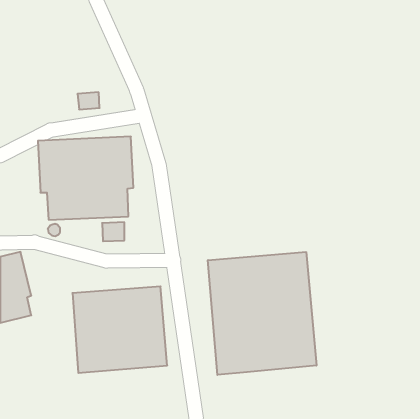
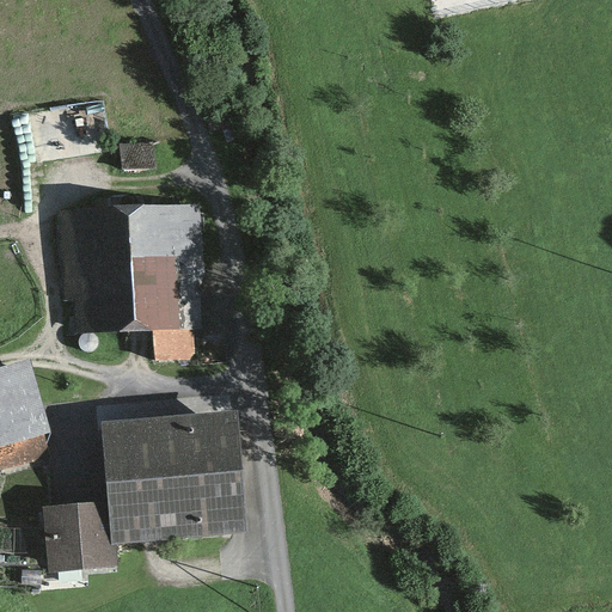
building: [208,252,316,375] -> none
building: none -> [47,507,117,569]

